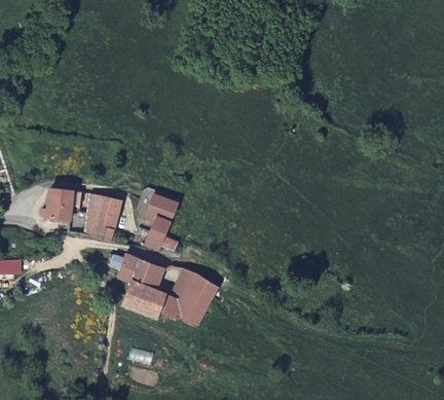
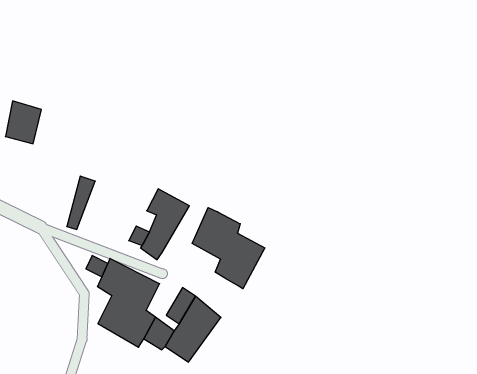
building: [48,188,73,219] -> [5,101,41,144]
building: [94,195,121,240] -> none
building: none -> [192,208,265,289]

